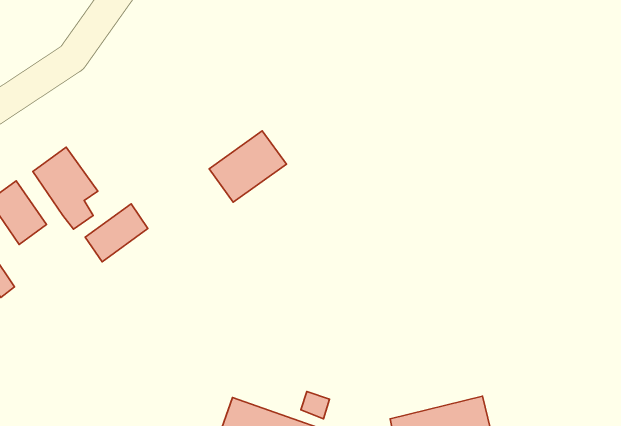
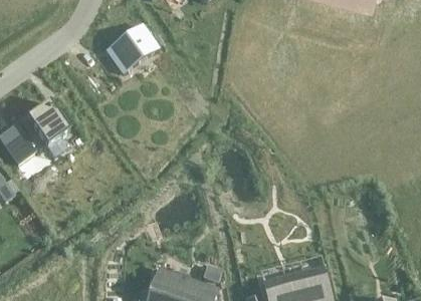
building: [209,131,286,202] -> [107,24,158,71]
building: [85,204,148,262] -> none

